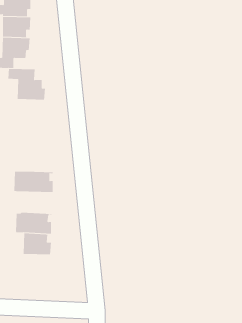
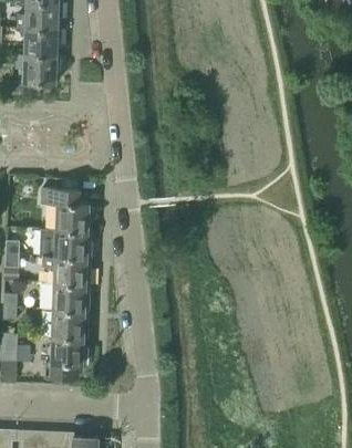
building: [7,68,46,100] -> [42,189,92,230]
building: none -> [42,256,91,284]
building: none -> [44,336,87,377]

